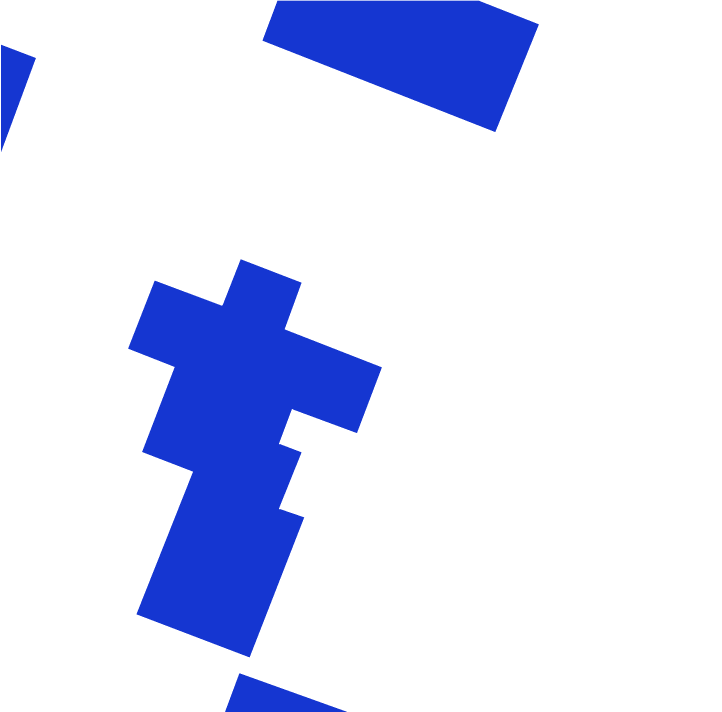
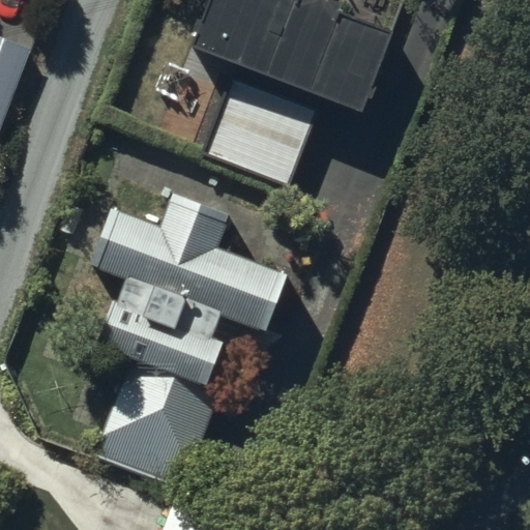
building: none -> [204,80,316,184]

